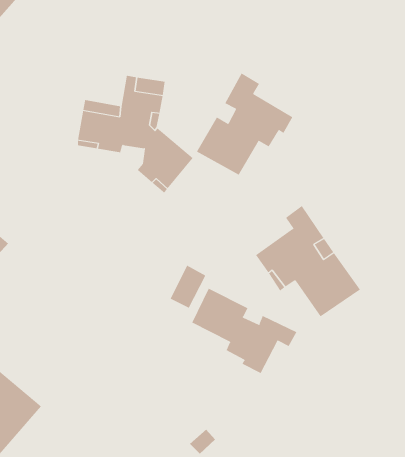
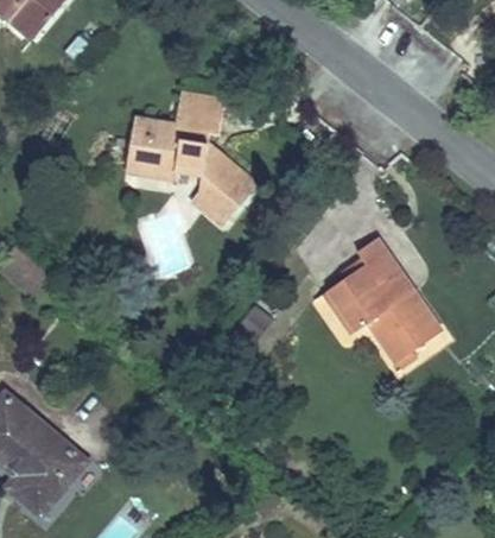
building: [196,72,293,176] -> none
building: [191,288,297,374] -> none

